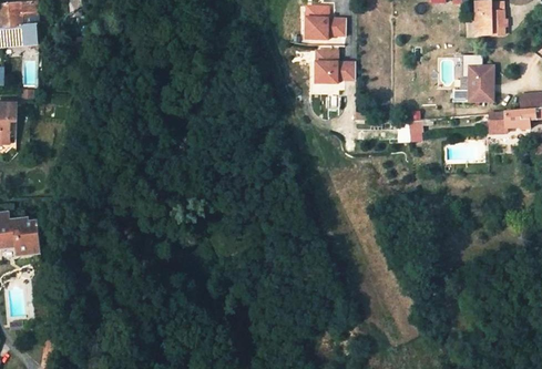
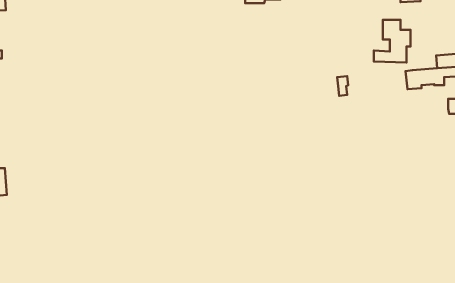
building: [320,49,356,81] -> none

